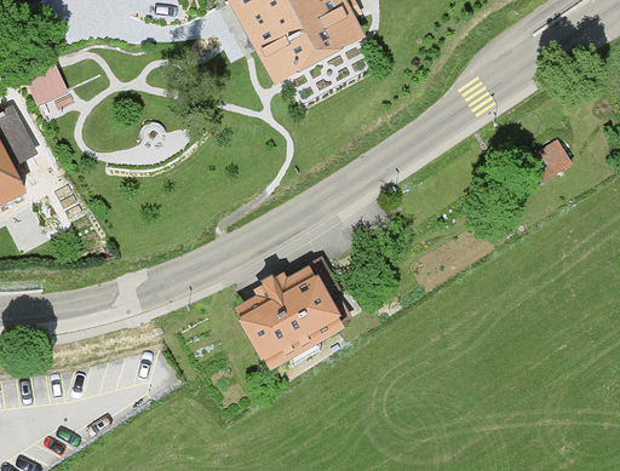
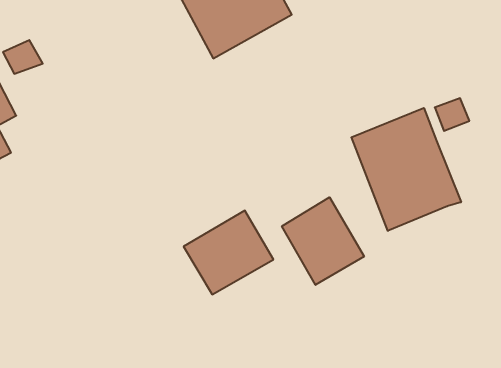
building: none -> [351,108,461,231]
building: none -> [282,197,364,285]

